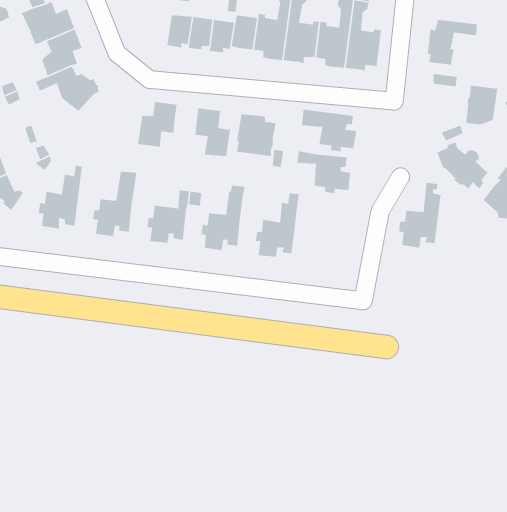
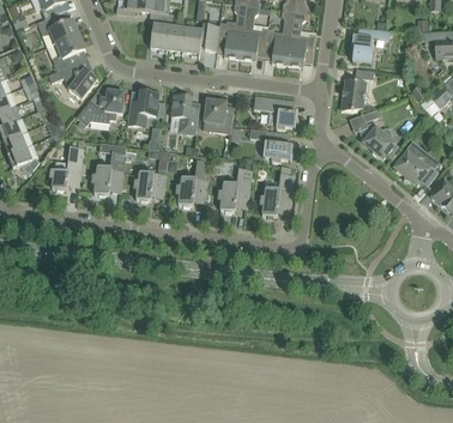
building: [466,85,498,125] -> [342,79,367,110]
building: none -> [77,90,125,128]
building: [398,182,441,249] -> [260,165,294,217]

